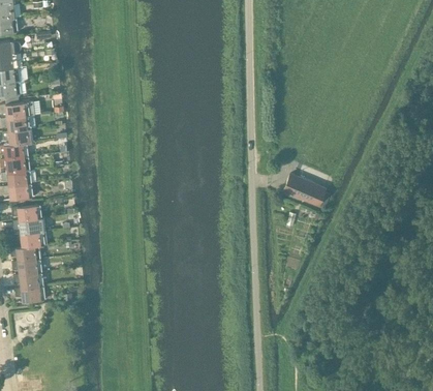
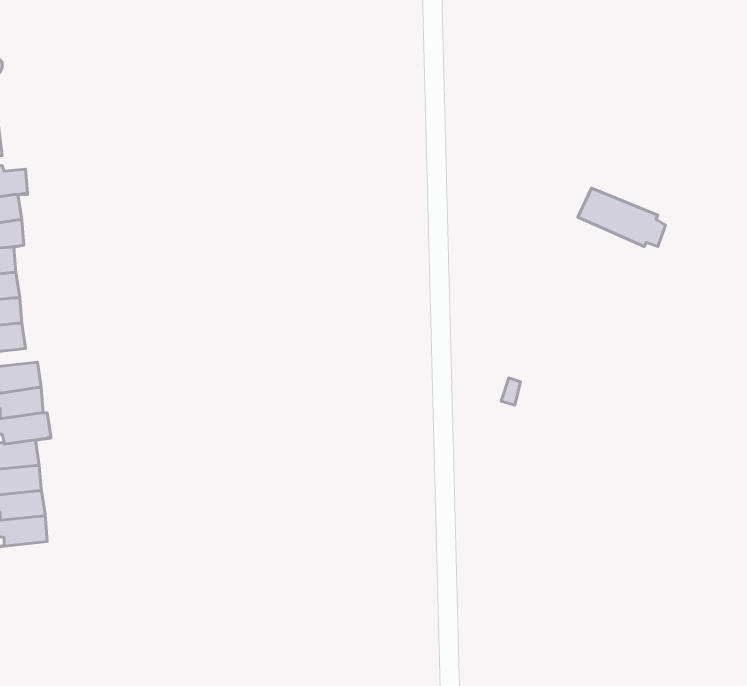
building: [283,175,330,206] -> [578,188,666,246]

